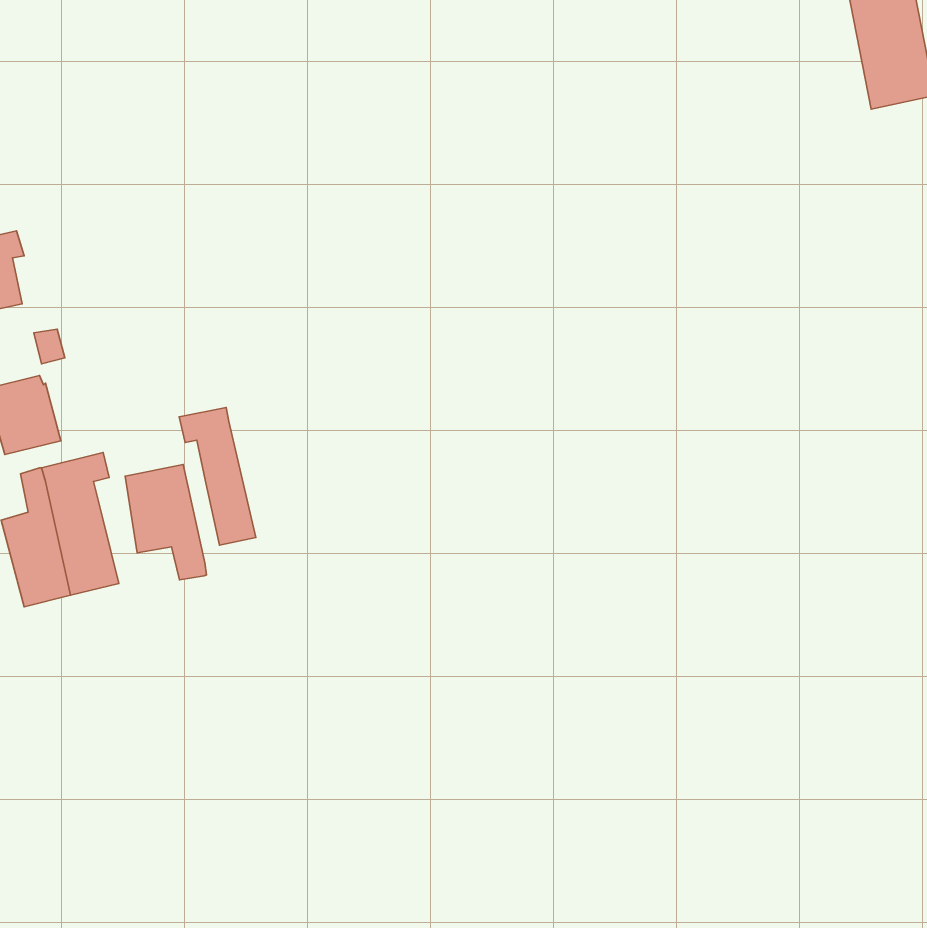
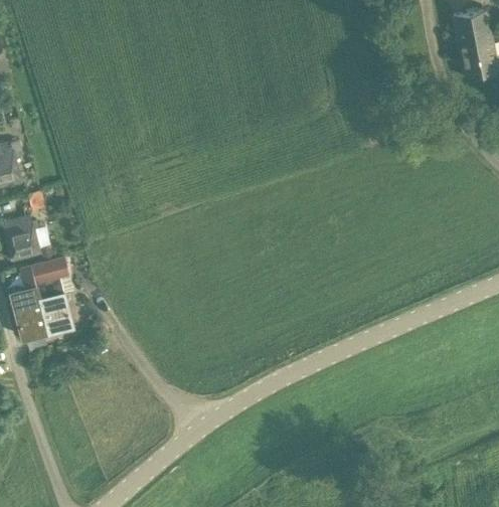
building: [179,408,256,545] -> none
building: [125,465,207,580] -> none

